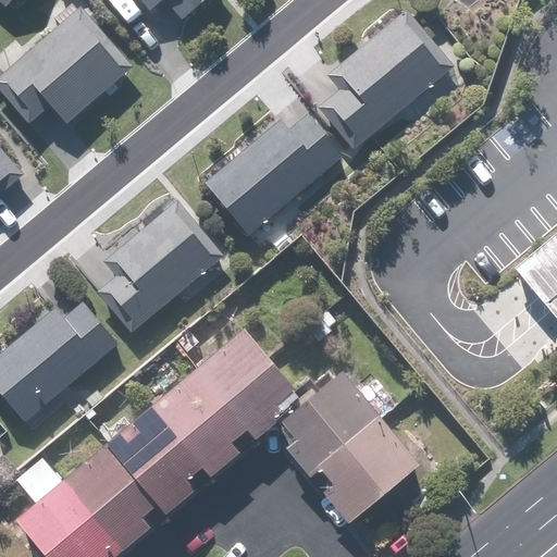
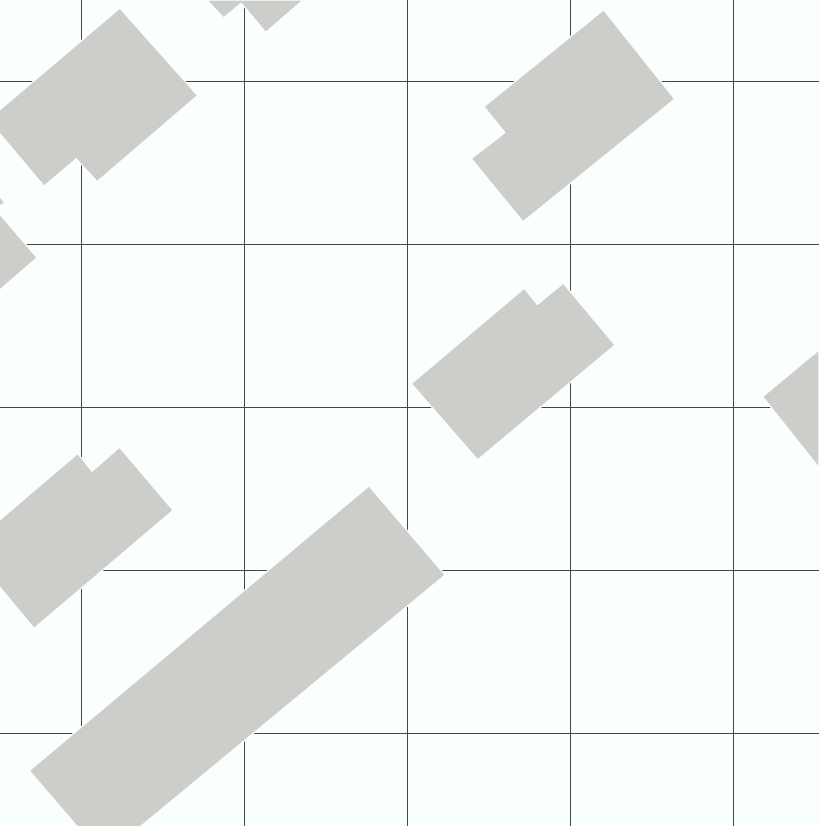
building: [203,115,341,234] -> [411,283,615,460]
building: [96,203,219,334] -> none
building: [286,371,423,524] -> none

